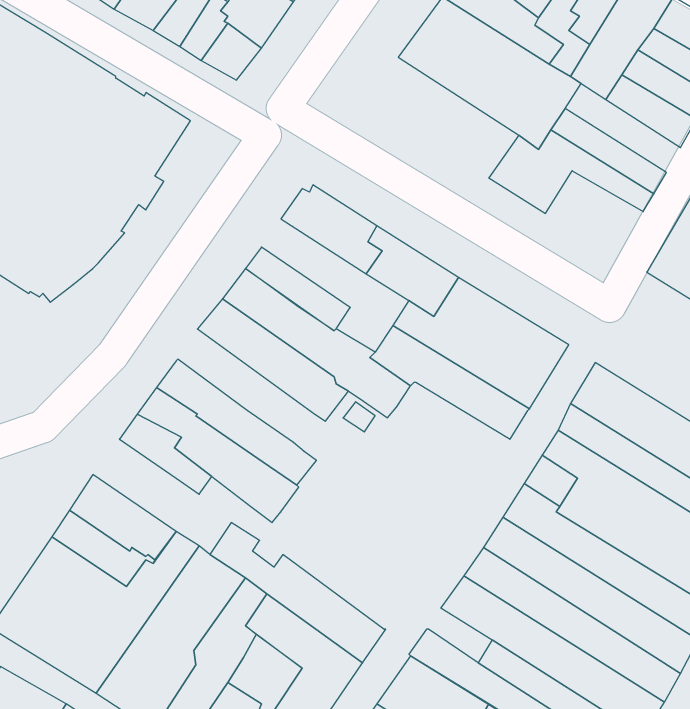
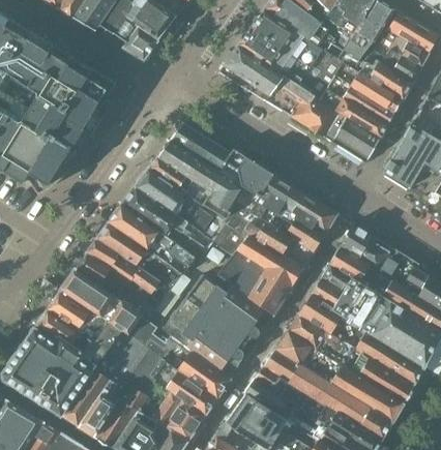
building: none -> [218,47,307,117]
building: none -> [334,62,402,114]
building: none -> [323,113,380,164]
building: none -> [157,141,243,218]
building: none -> [109,205,195,276]
building: none -> [216,236,302,318]
building: none -> [59,269,142,336]
building: none -> [161,275,264,380]

